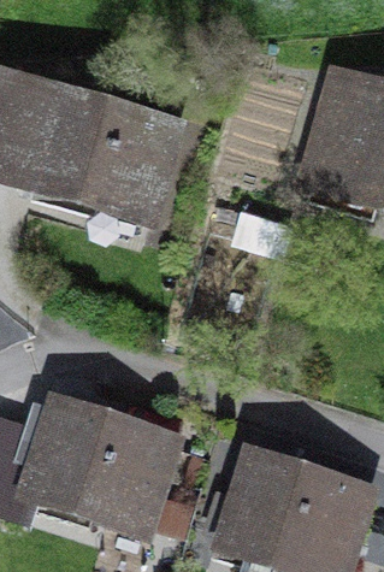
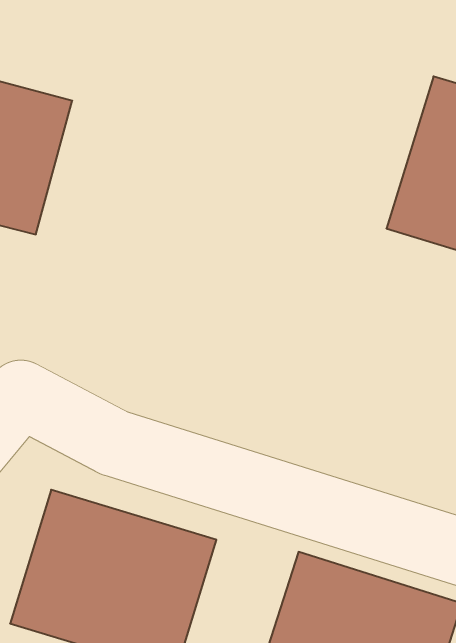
building: [40,88,184,225] -> none

